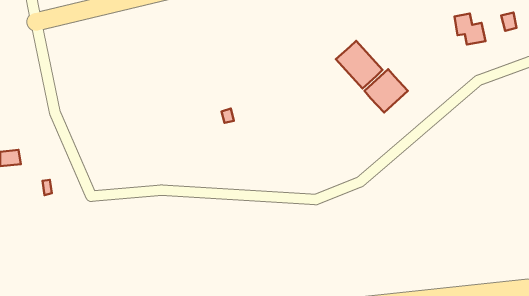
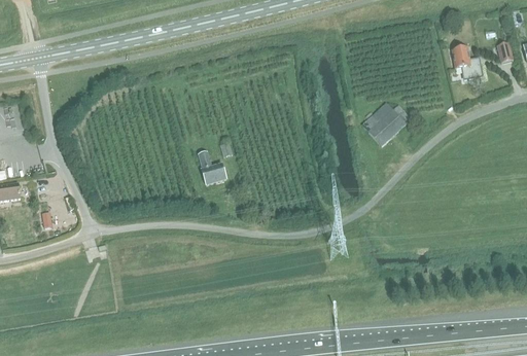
building: [336,41,383,88] -> none
building: none -> [199,151,226,184]

